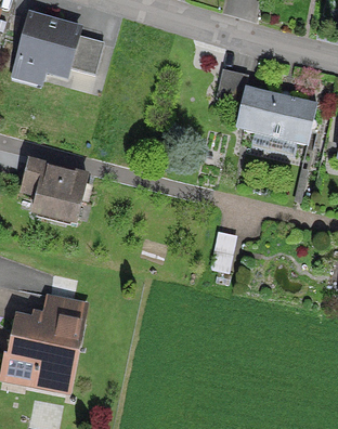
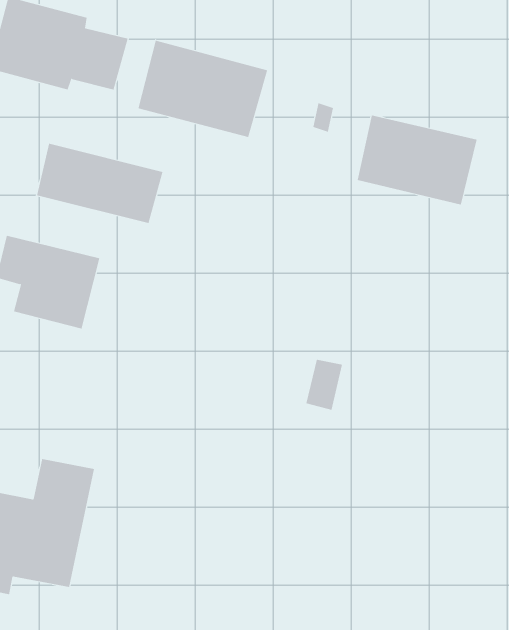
building: none -> [138,40,268,138]
building: none -> [36,143,163,224]

